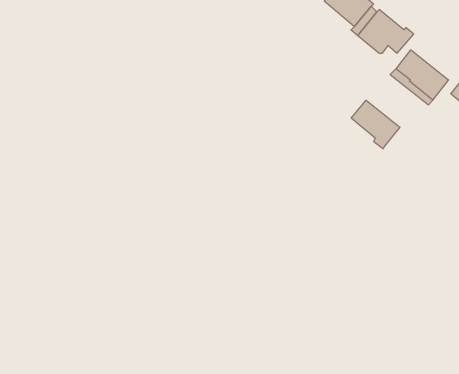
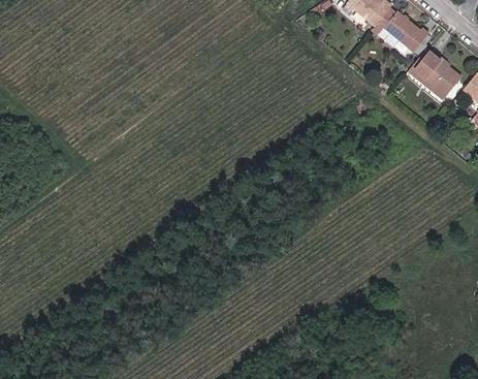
building: [351,100,400,149] -> none

